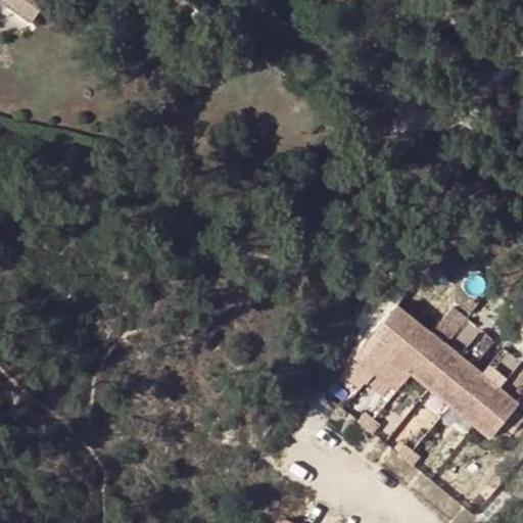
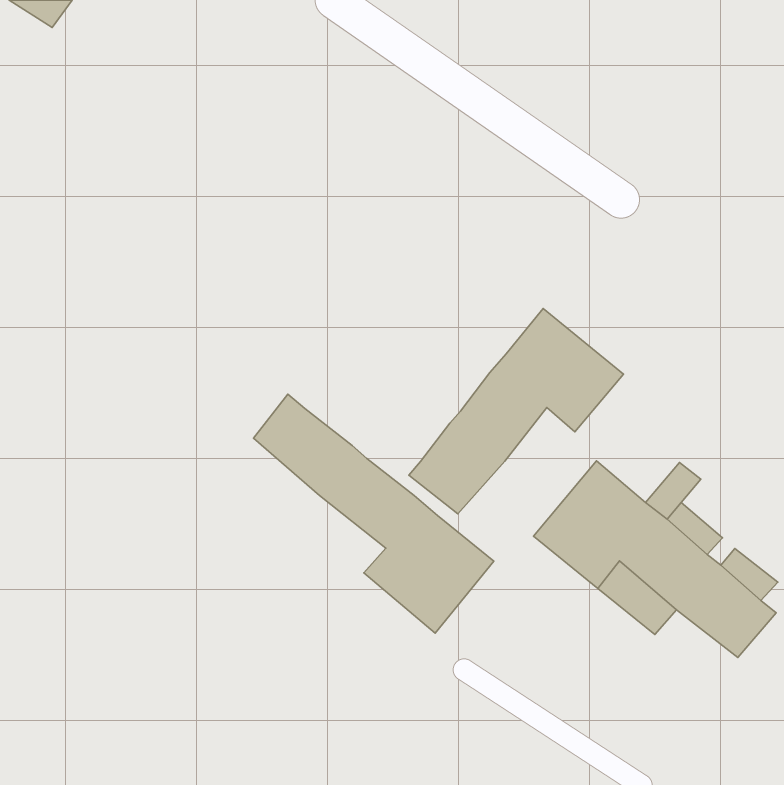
building: none -> [409,308,624,514]
building: none -> [253,394,494,633]

